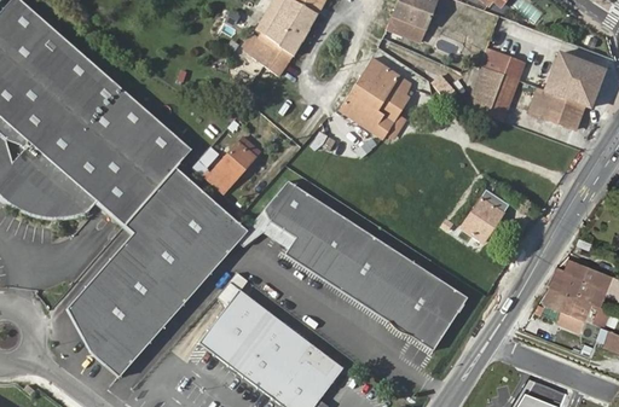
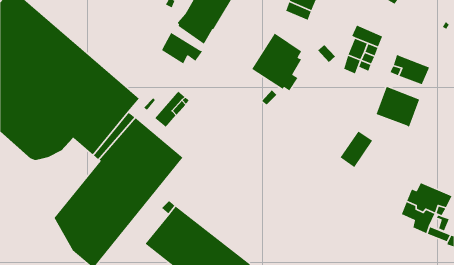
building: [544,51,604,107] -> [376,86,420,128]
building: none -> [161,32,203,64]
building: [267,178,465,353] -> none

